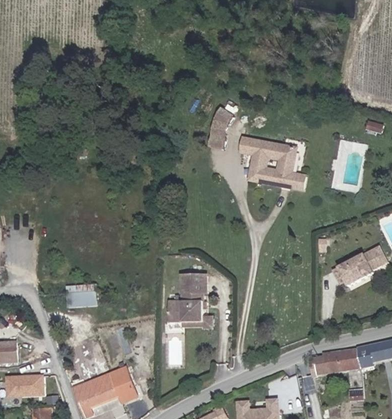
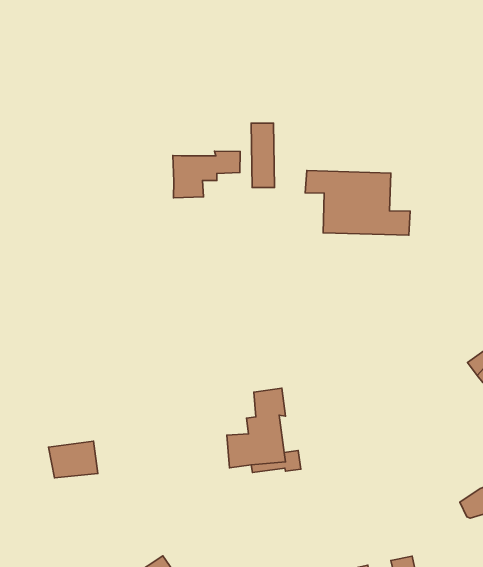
building: none -> [173,151,240,198]

